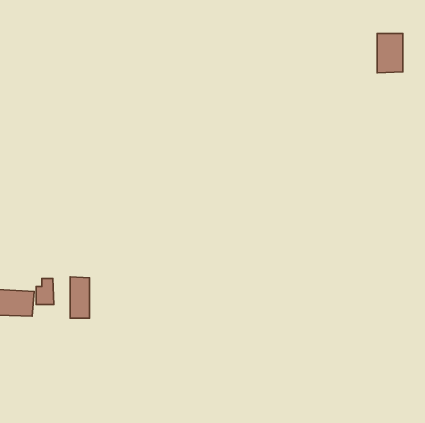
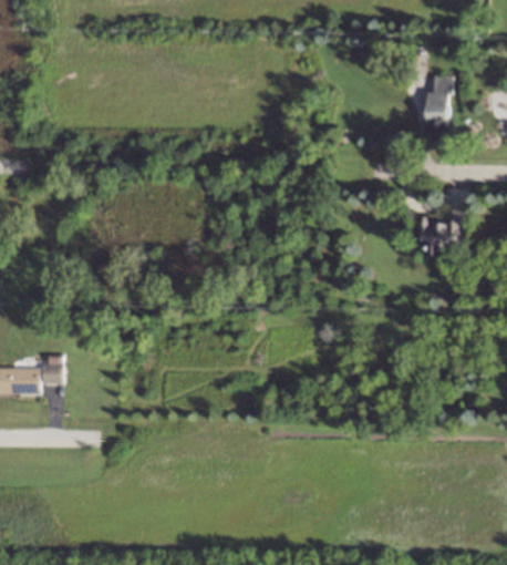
building: none -> [418,220,464,250]
building: [70,277,89,318] -> none

